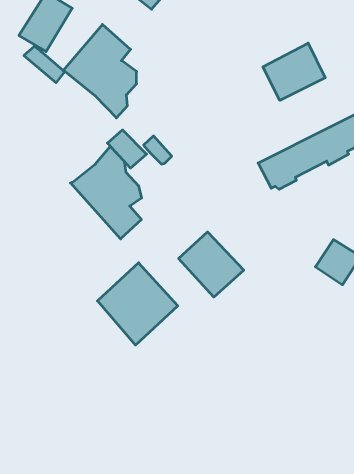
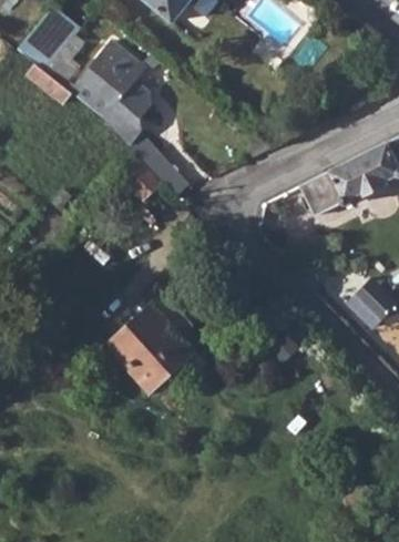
building: [263,43,325,100] -> none
building: [70,146,142,239] -> none
building: [179,232,244,297] -> none

